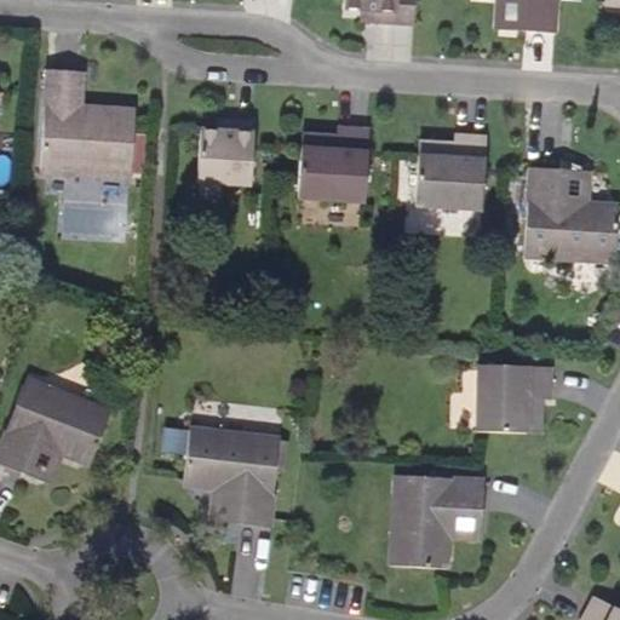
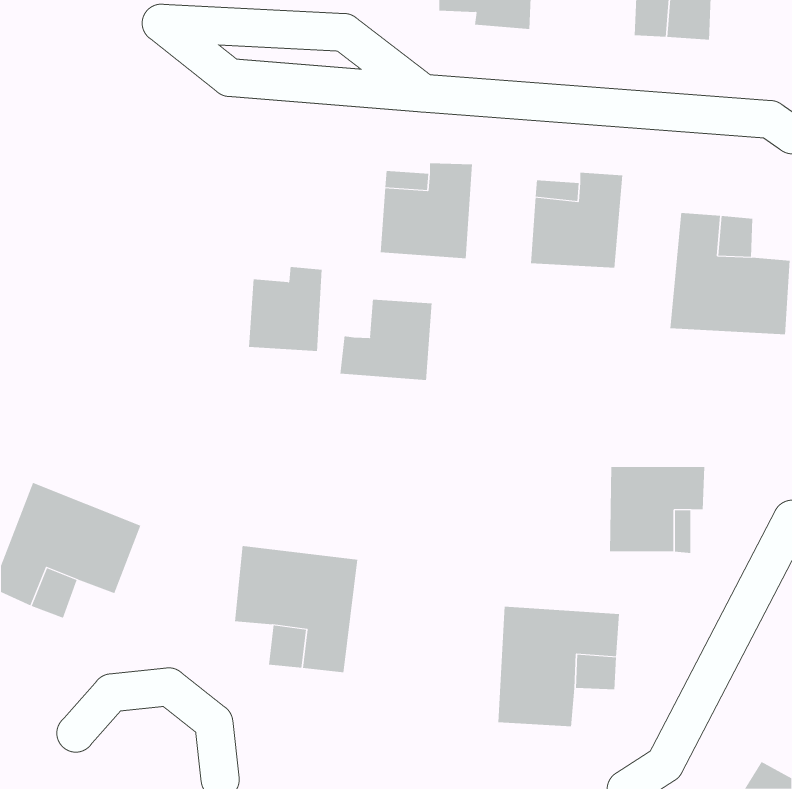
building: [40,68,134,178] -> none
building: [196,119,254,185] -> [248,266,322,352]
building: none -> [340,299,432,381]

